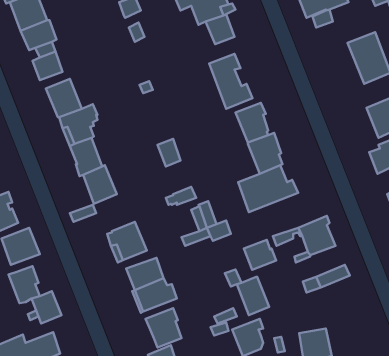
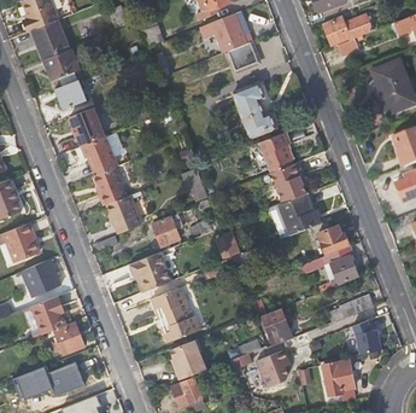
building: none -> [153,214,183,245]
building: [244,240,276,270] -> [316,223,348,254]
building: none -> [352,319,381,353]

